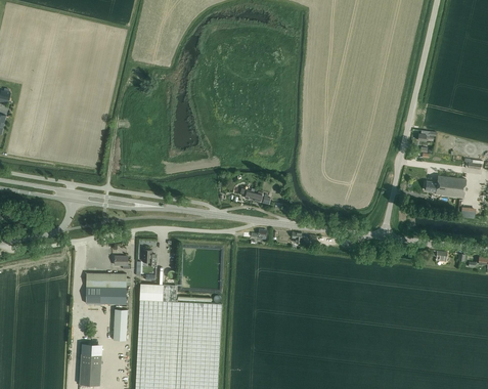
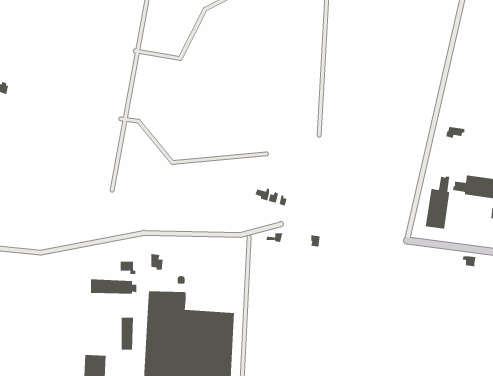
building: none -> [425,176,450,229]
building: [86,288,127,305] -> none

